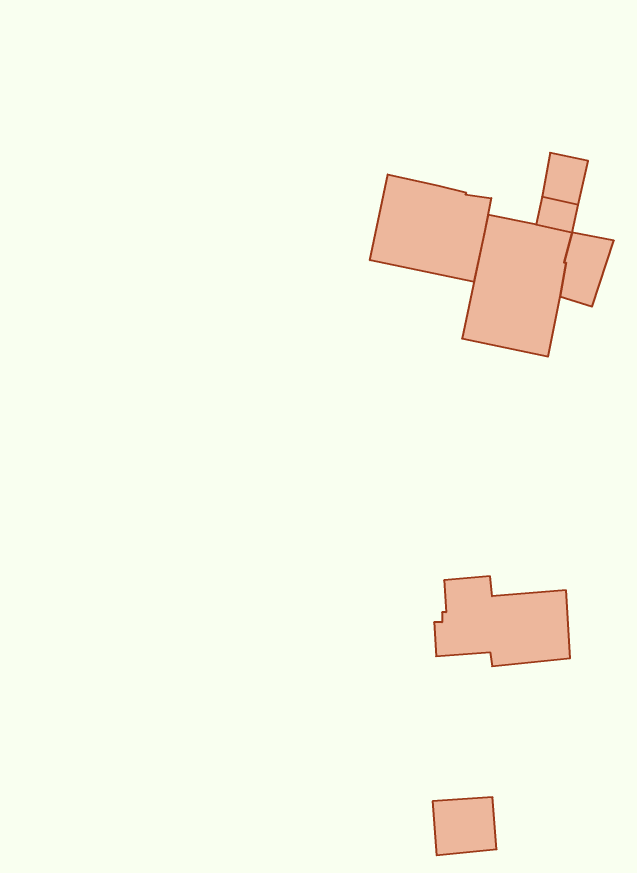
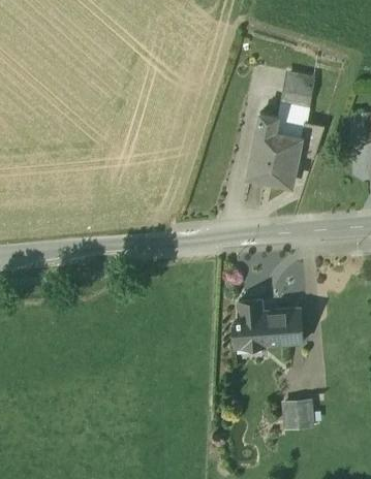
building: [370,174,491,282] -> none
building: [433,797,497,855] -> [282,401,315,430]

